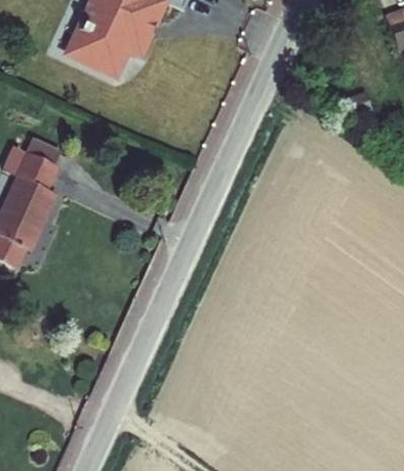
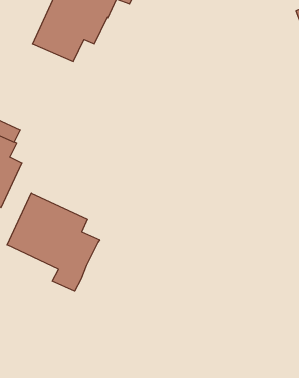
building: none -> [7,193,99,291]

